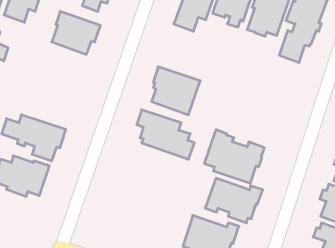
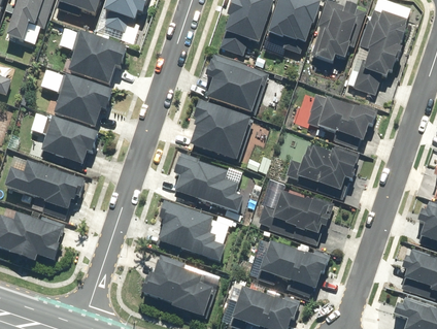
building: none -> [205,53,269,111]
building: none -> [54,69,114,126]
building: none -> [295,89,378,147]
building: none -> [40,114,99,169]
building: none -> [285,141,361,197]
building: none -> [158,203,223,258]
building: none -> [141,254,212,317]

